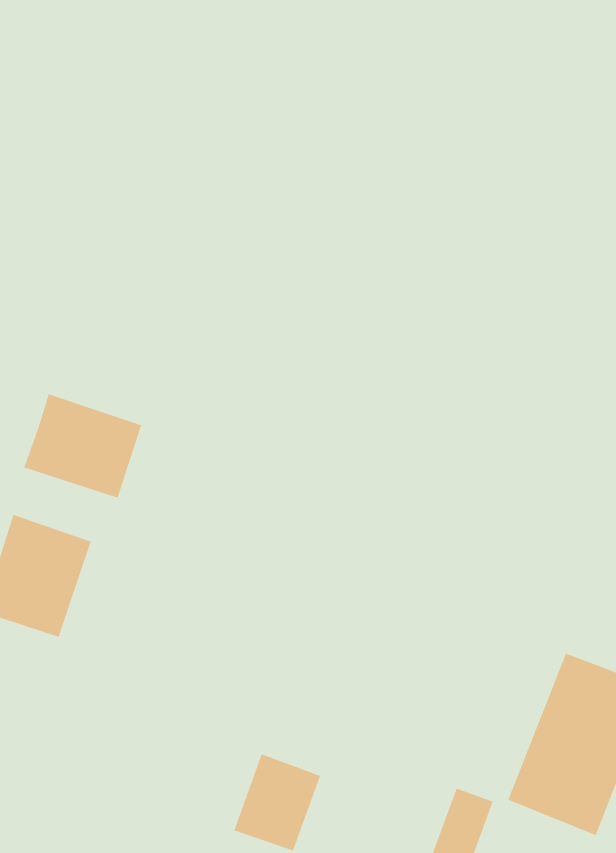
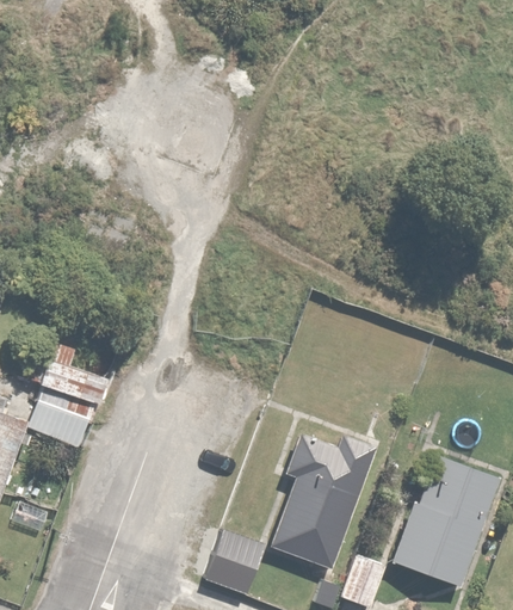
building: [24,393,142,498] -> none
building: none -> [271,433,375,567]

